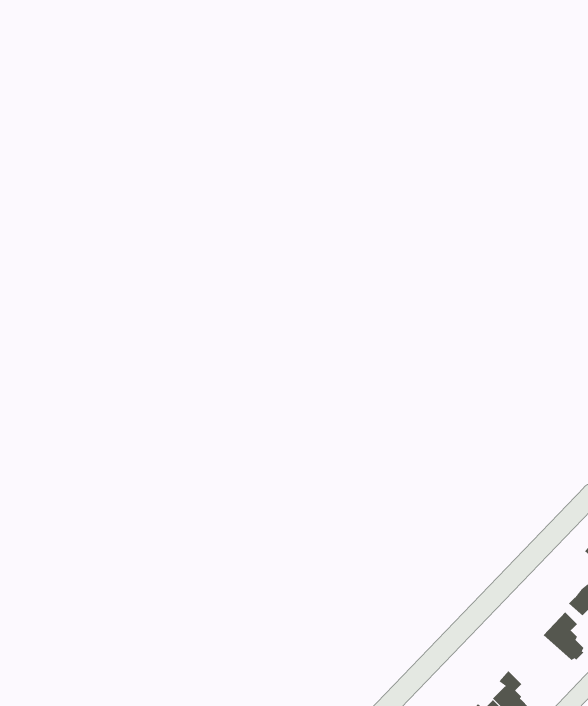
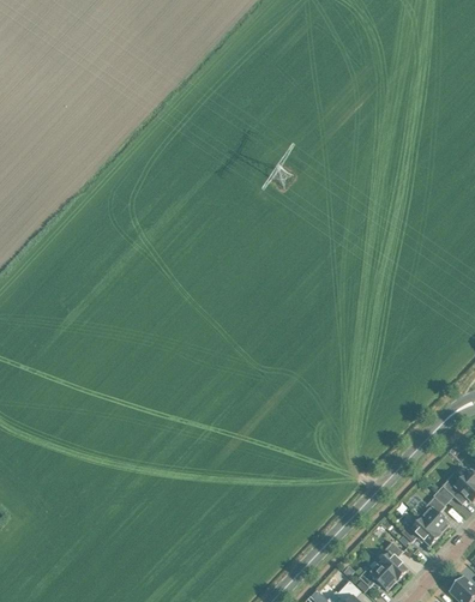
building: none -> [401,514,440,546]

